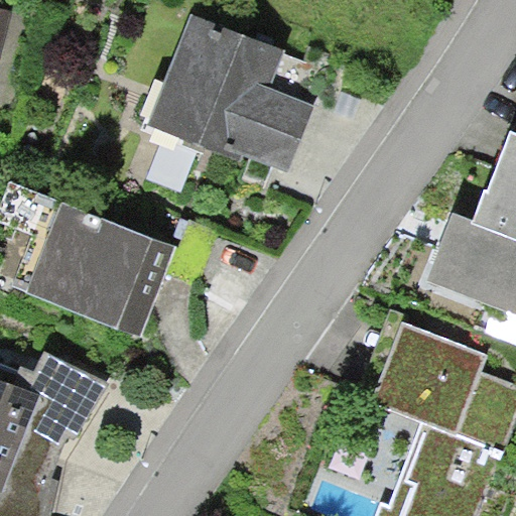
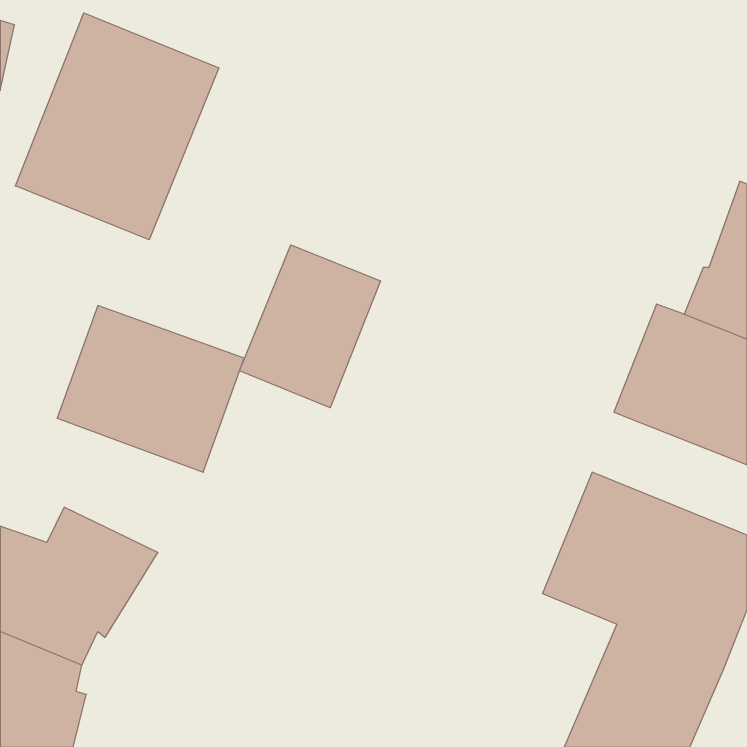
building: none -> [15,13,219,240]
building: [158,25,322,179] -> none
building: none -> [240,245,380,408]

